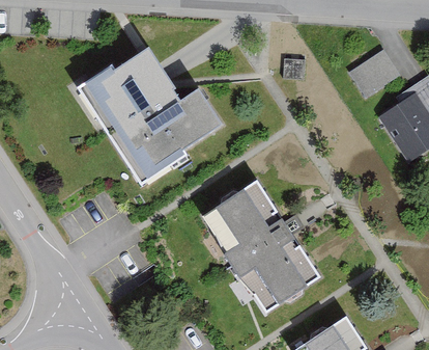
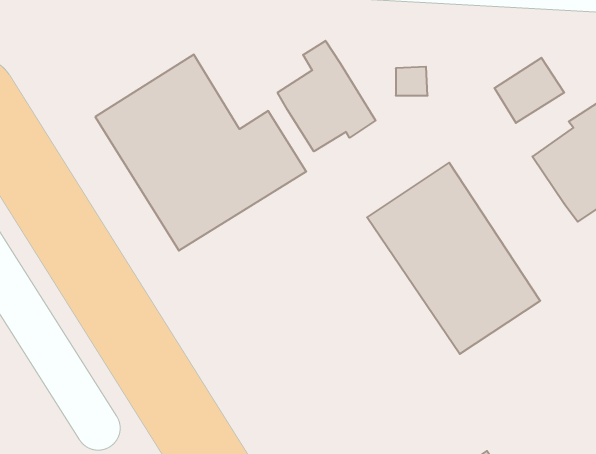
building: none -> [278,41,376,151]
building: [200,182,318,313] -> [367,163,540,354]

